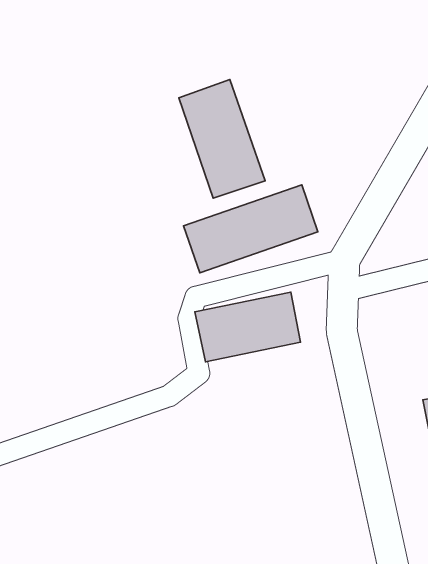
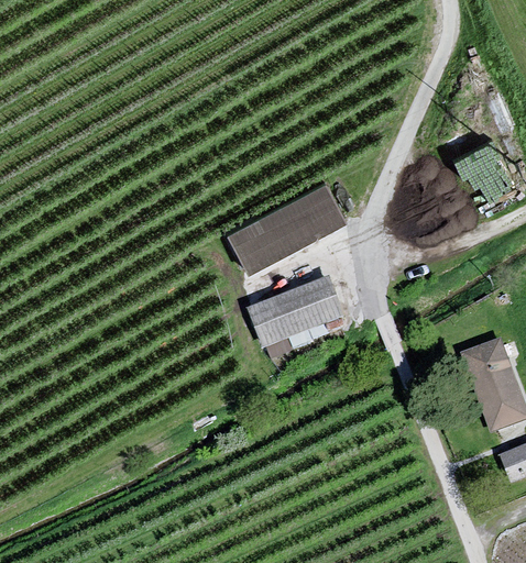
building: [179,80,265,198] -> none

